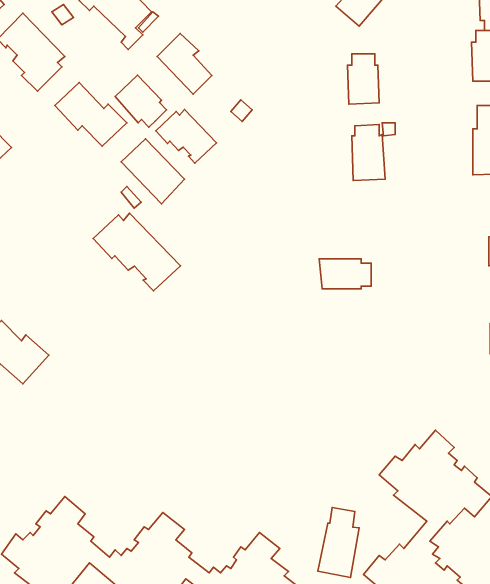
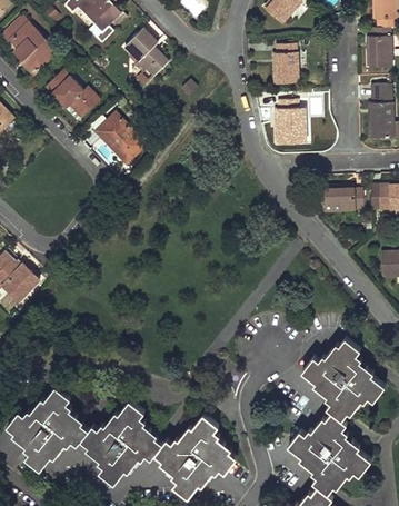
building: [115,75,167,127] -> none
building: [156,109,217,163] -> none
building: [93,213,180,291] -> none
building: [319,259,371,289] -> [322,186,362,209]
building: [318,508,359,577] -> none

